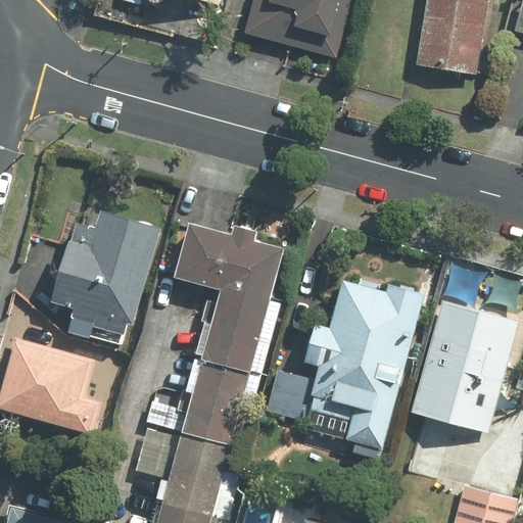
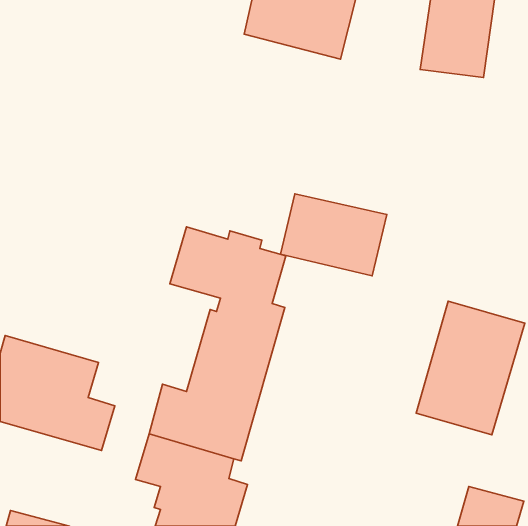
building: none -> [281,194,387,276]
building: [40,207,160,350] -> none
building: [265,276,423,461] -> none

